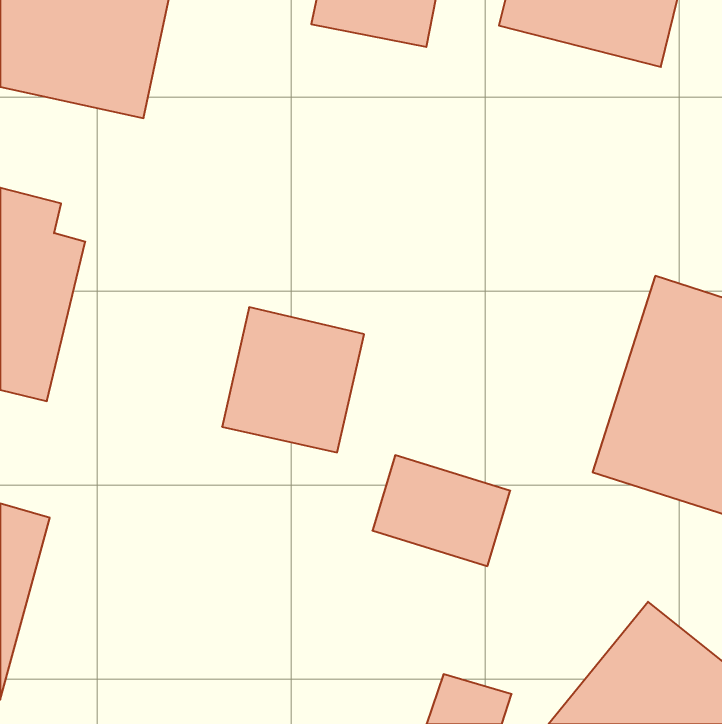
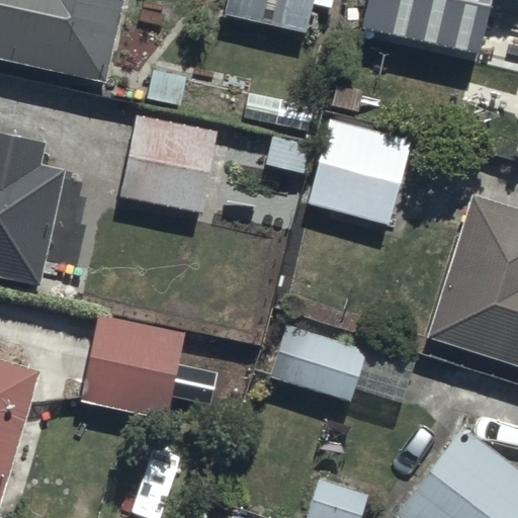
building: none -> [307,122,411,228]
building: [222,307,364,452] -> [119,113,221,217]
building: none -> [78,314,187,423]

